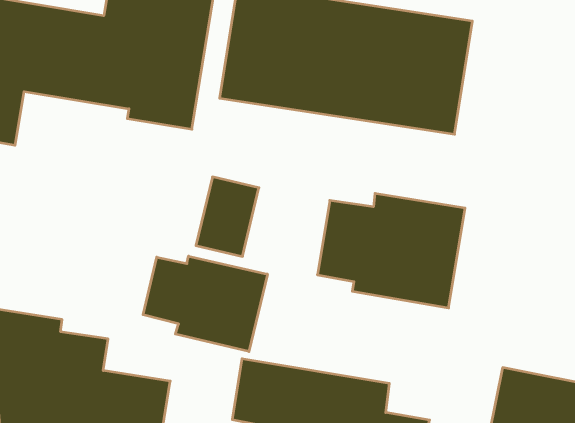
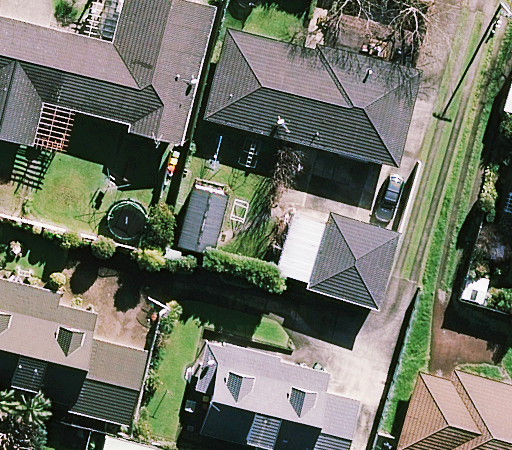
building: [143,256,267,352] -> none

